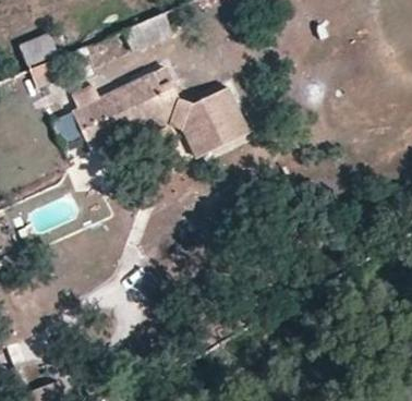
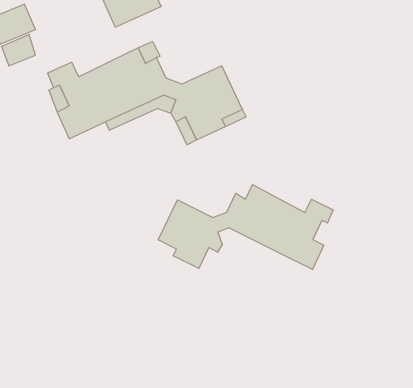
building: none -> [158,185,333,270]

